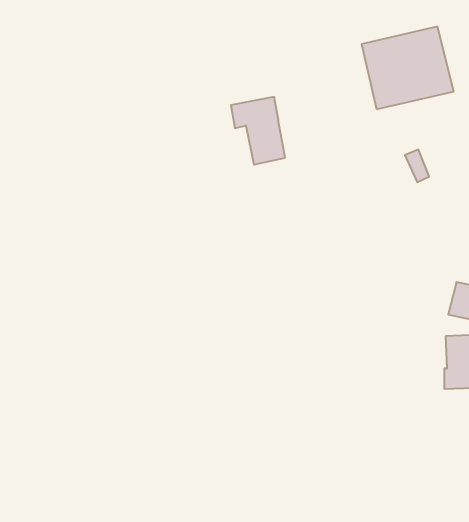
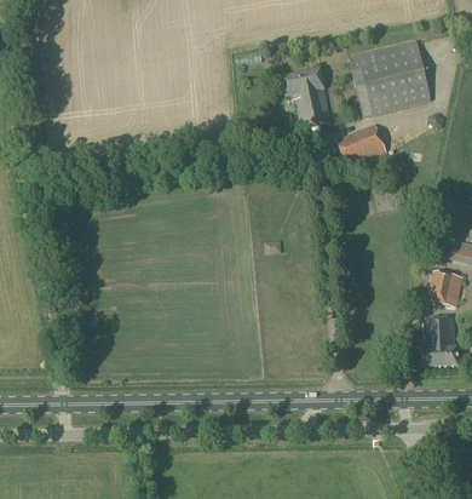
building: [231,97,285,165] -> [282,68,330,128]
building: none -> [335,122,386,166]

